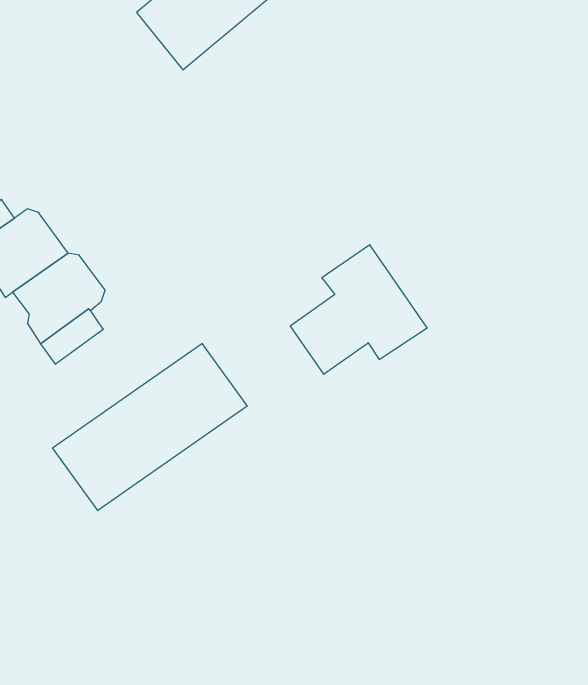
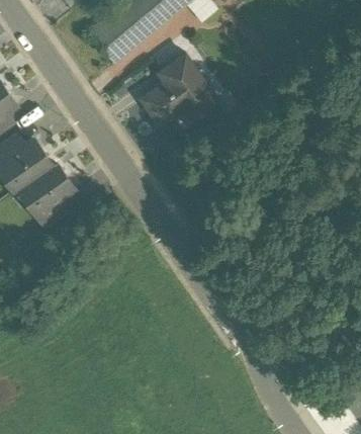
building: [290,245,427,374] -> [140,54,214,124]
building: [53,343,247,511] -> none

